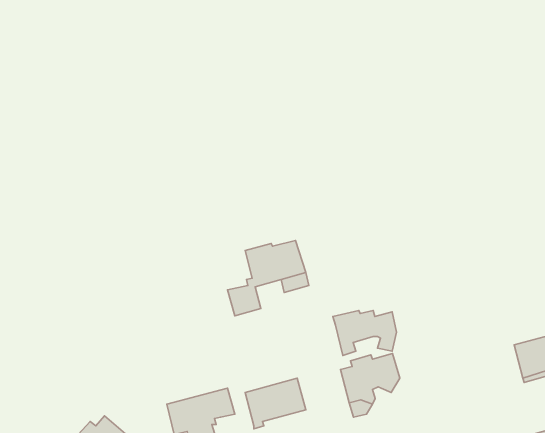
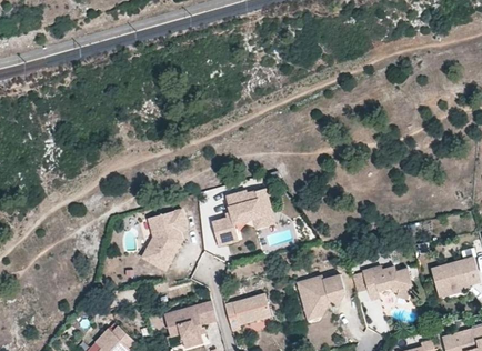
building: none -> [140,208,187,270]
building: [333,311,396,355] -> [360,265,409,300]

